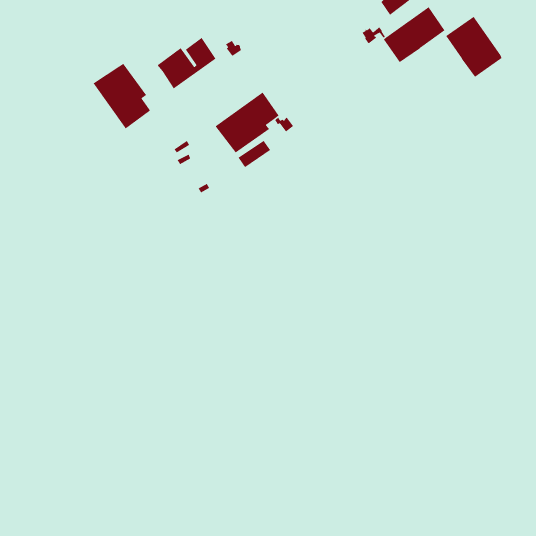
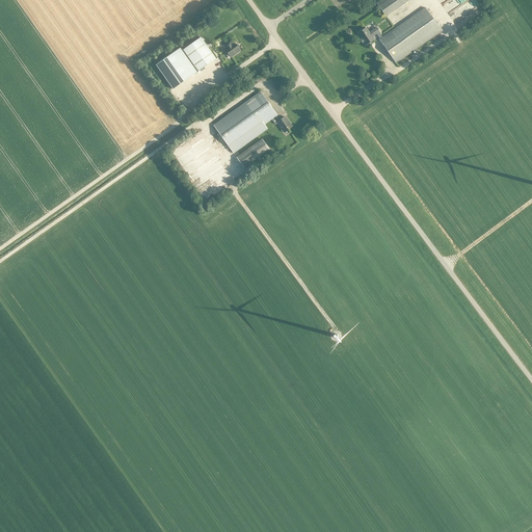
building: [445,16,503,78] -> none
building: [93,63,151,130] -> none

